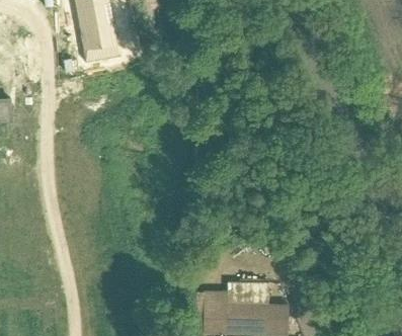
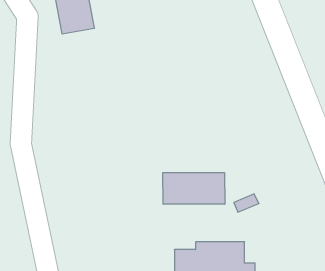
building: none -> [163,173,225,204]

